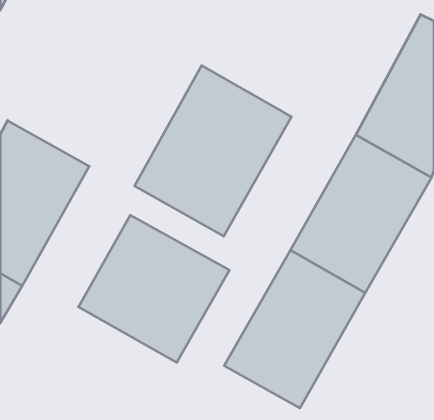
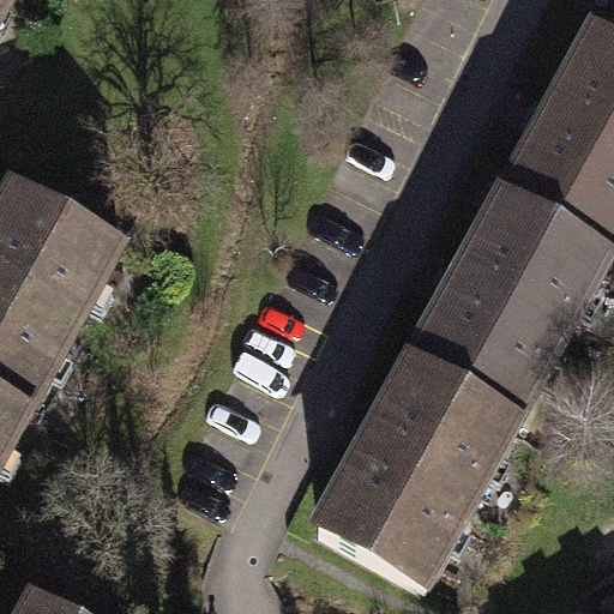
building: [135,66,291,236] -> none
building: [78,215,229,362] -> none

